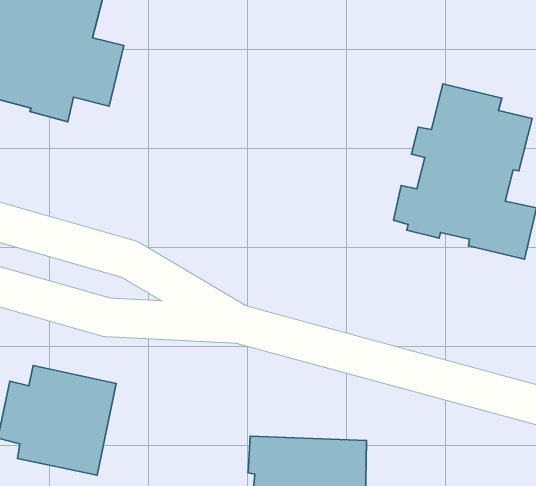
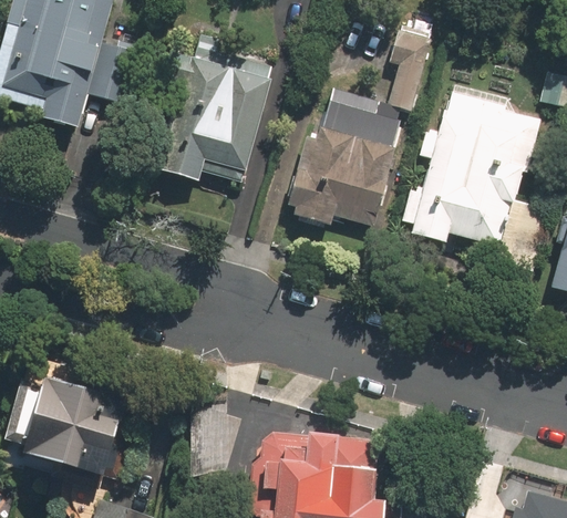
building: none -> [288,25,429,226]
building: none -> [163,48,274,183]

